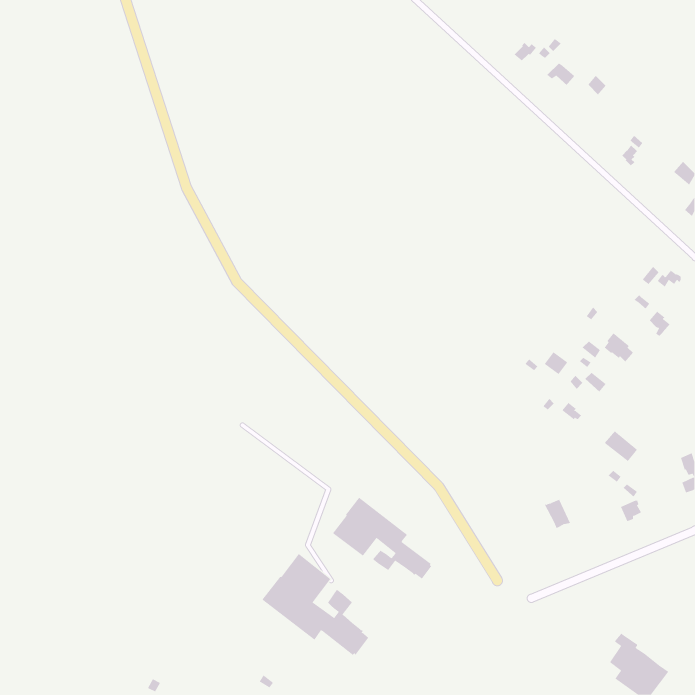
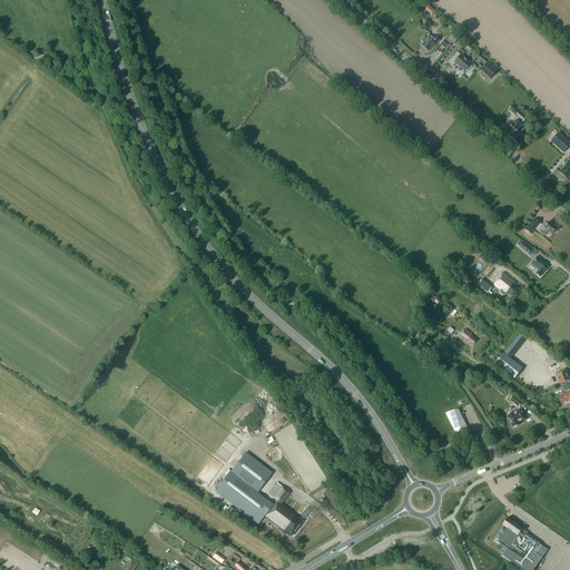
building: [332,497,432,579] -> none

